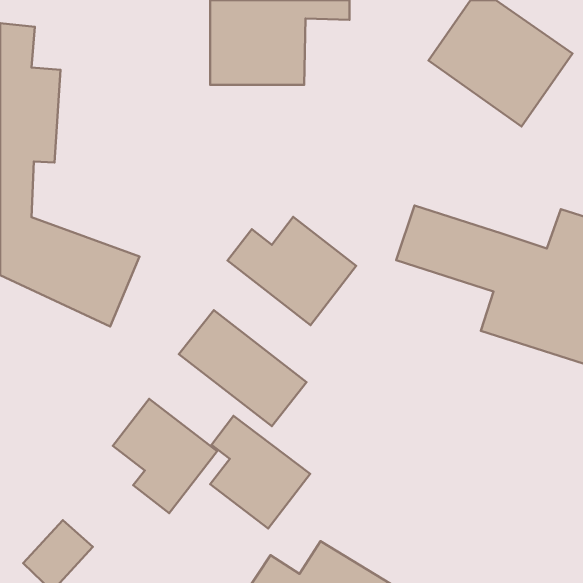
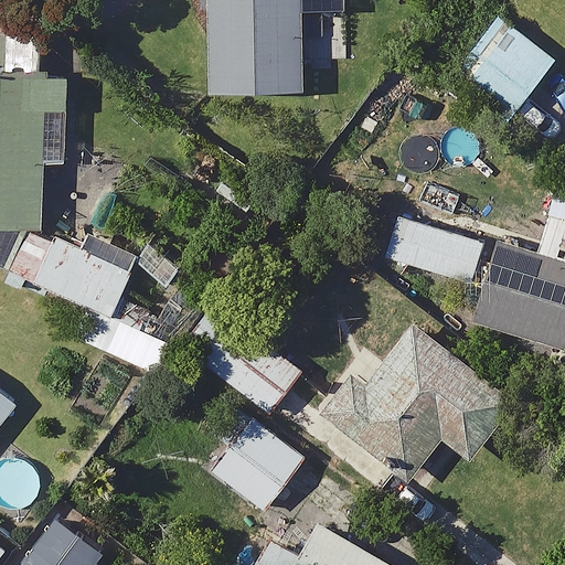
building: [227,217,356,325] -> none
building: none -> [319,324,514,480]
building: [113,399,217,513] -> none

